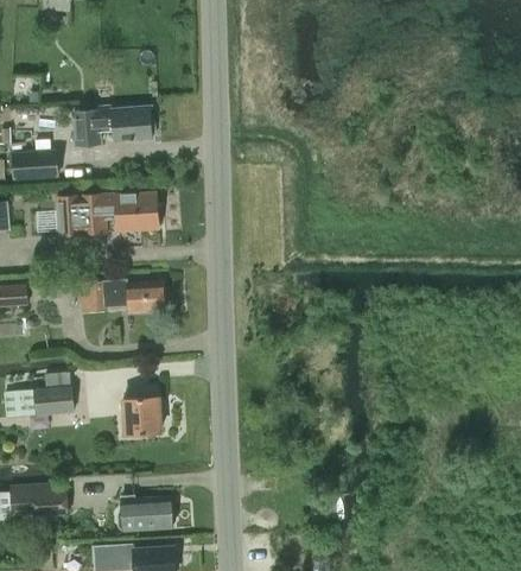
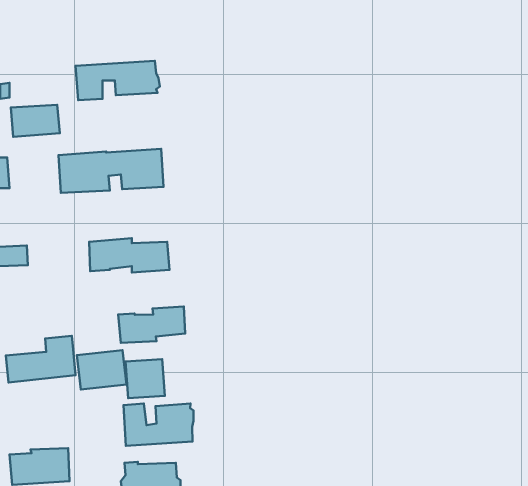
building: none -> [118,307,185,343]
building: none -> [77,350,126,390]
building: none -> [123,403,193,446]

